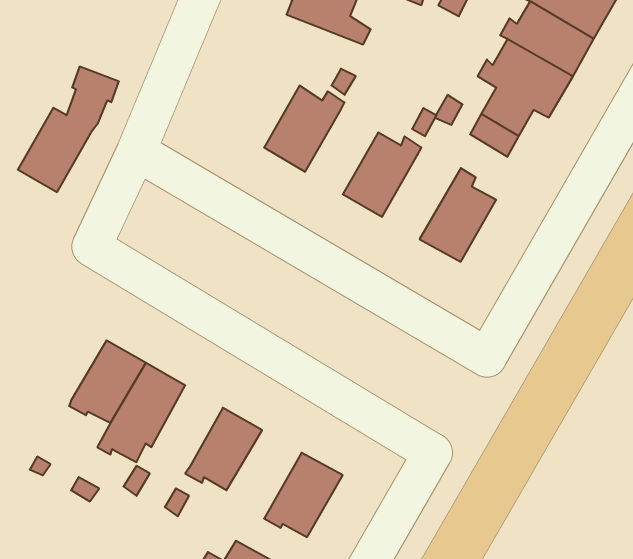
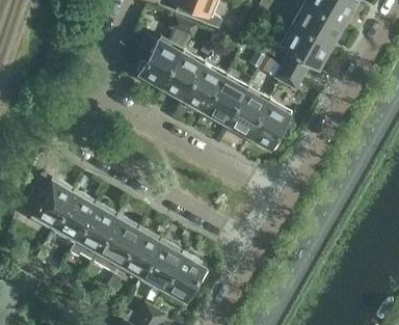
building: [18,67,119,192] -> [141,16,197,85]
building: none -> [186,64,229,111]
building: none -> [229,89,272,136]
building: none -> [24,180,76,225]
building: none -> [99,217,140,263]
building: none -> [141,242,184,291]

